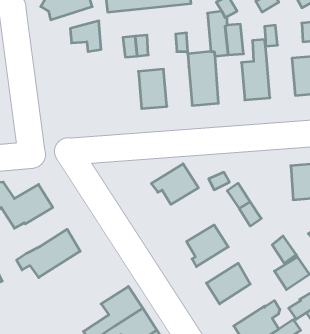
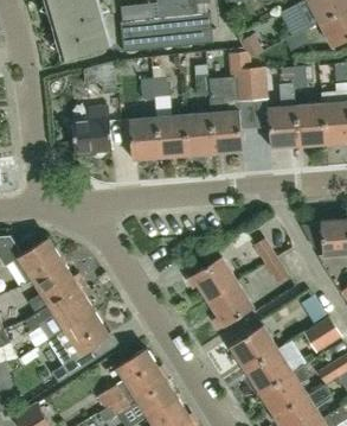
building: none -> [295,102,326,145]
building: none -> [72,106,113,157]
building: none -> [184,112,214,154]
building: none -> [129,116,160,159]
building: [151,164,198,204] -> [187,256,238,300]
building: none -> [28,263,79,313]
building: none -> [49,311,116,375]
building: none -> [244,346,293,392]

